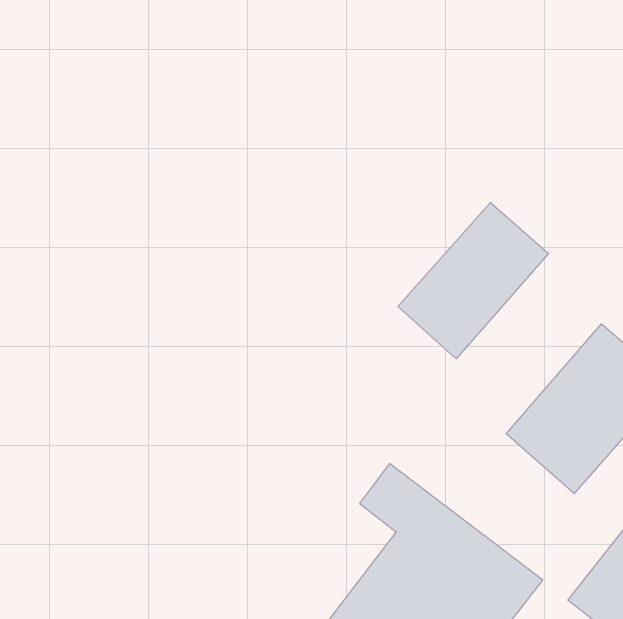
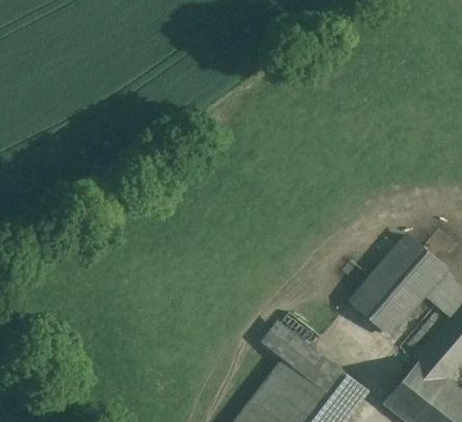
building: [398,202,549,359] -> none

